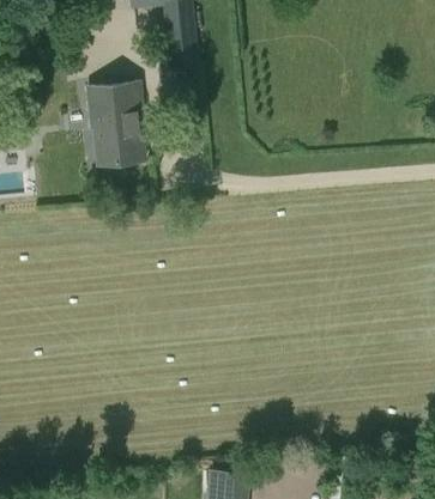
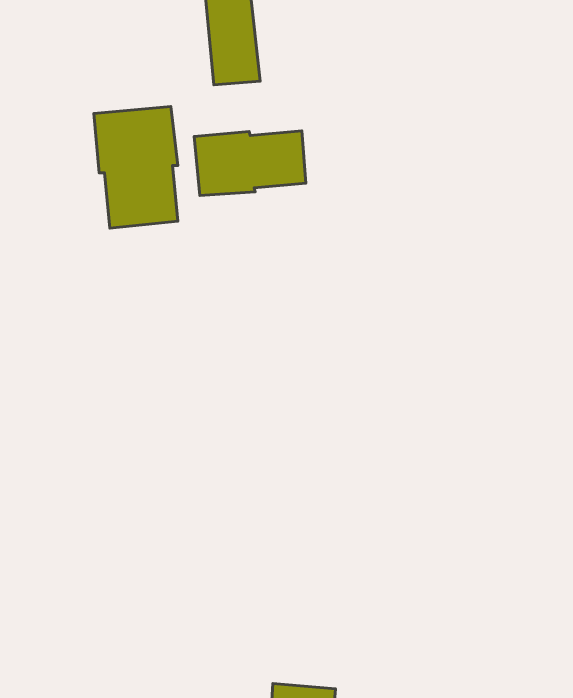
building: none -> [194,131,306,196]

